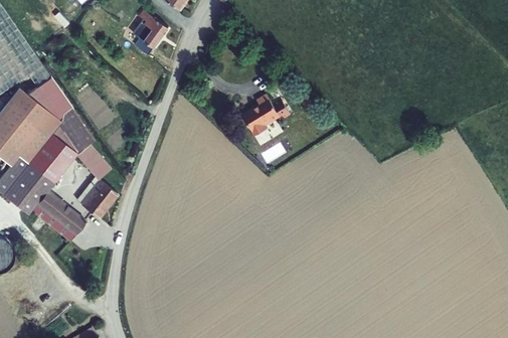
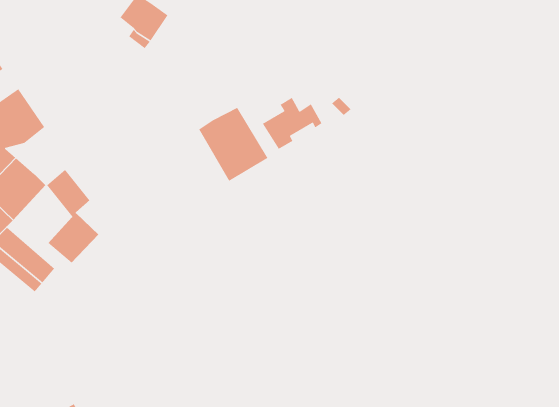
building: none -> [198,107,268,182]
building: [39,113,92,159] -> none

